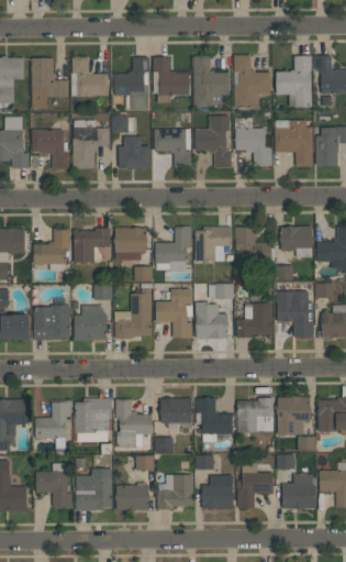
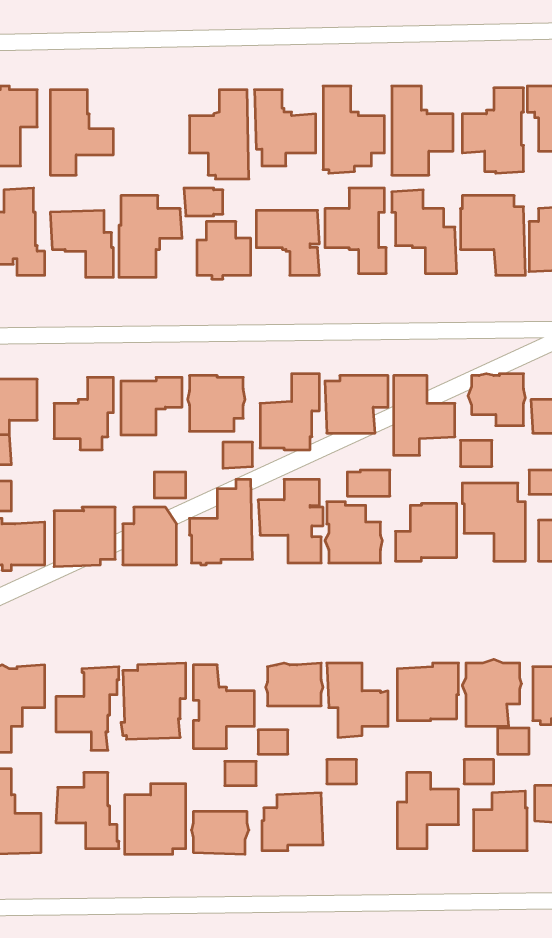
building: [71,56,109,96] -> none
building: [201,475,235,509] -> none

